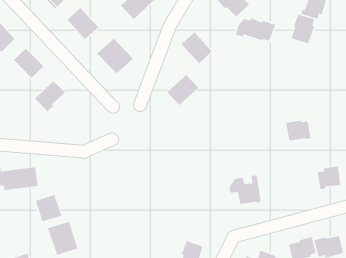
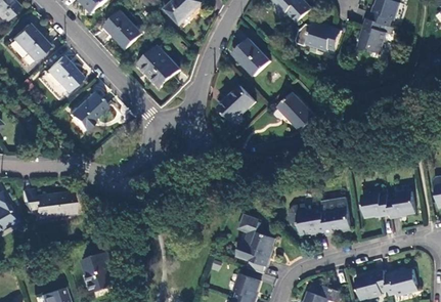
building: none -> [278,93,314,129]
building: [285,120,312,142] -> [360,192,390,217]
building: none -> [319,196,350,234]
building: none -> [235,219,274,273]
building: [35,194,63,222] -> none

